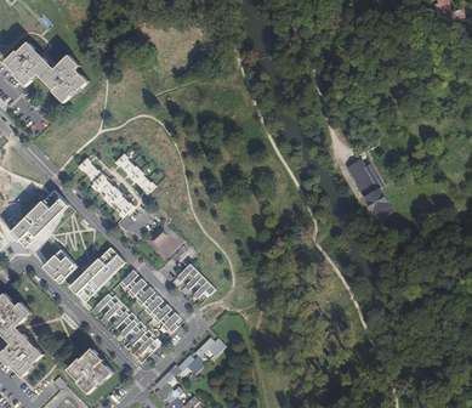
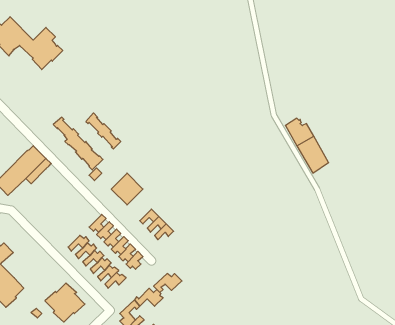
building: [69,248,125,302] -> none
building: [44,250,78,283] -> none

